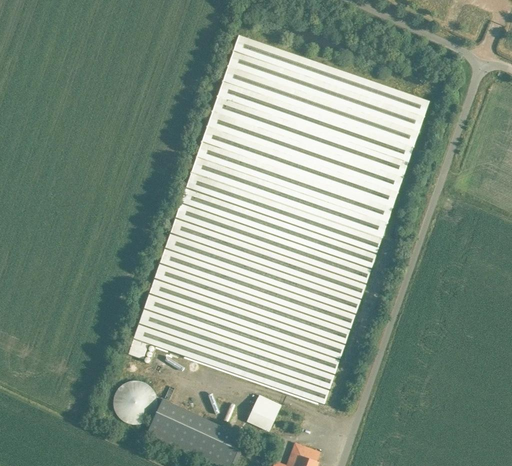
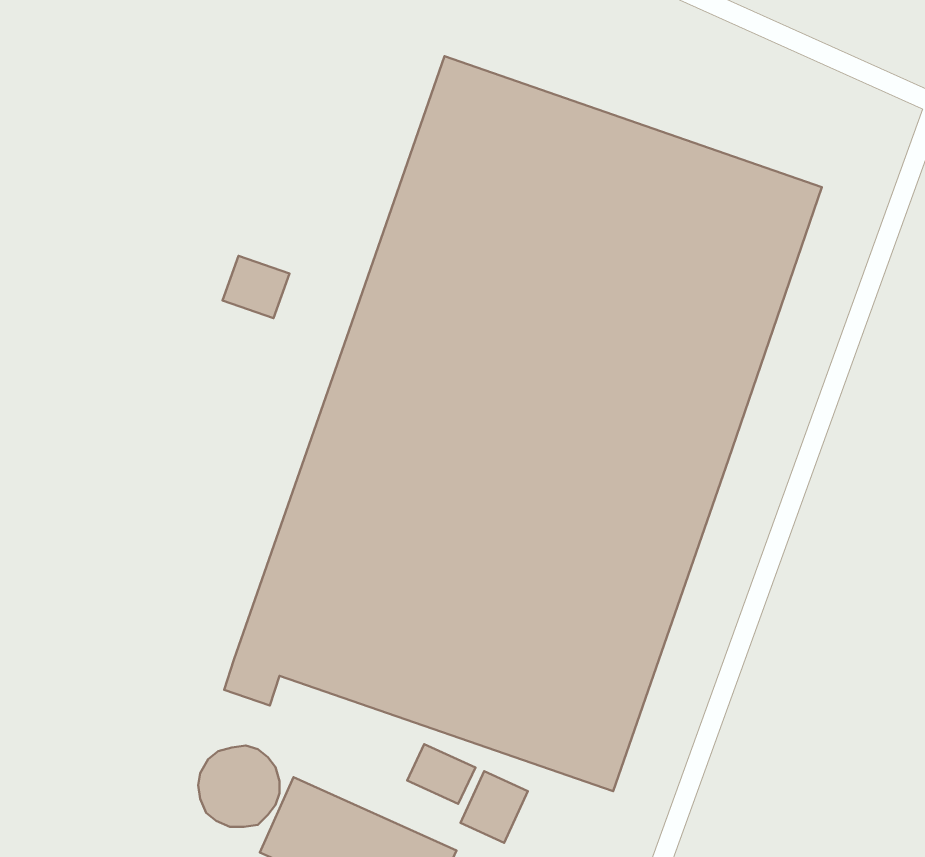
building: none -> [223,256,289,318]
building: none -> [407,744,475,804]

